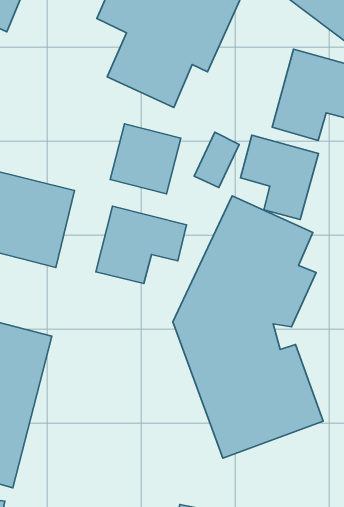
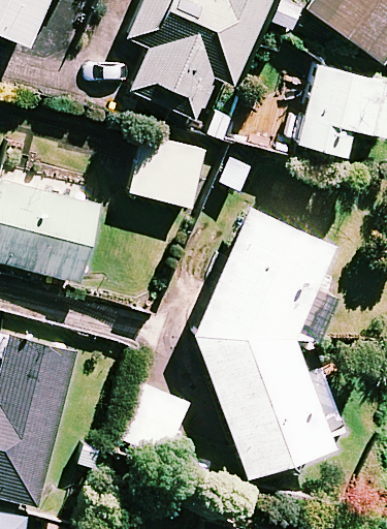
building: [240,135,318,219] -> none
building: [96,206,186,284] -> none

